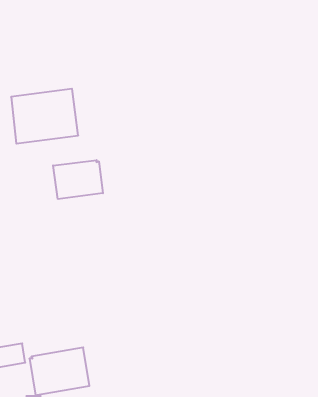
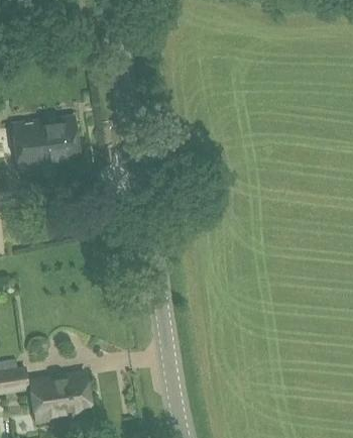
building: [53,160,103,199] -> none

